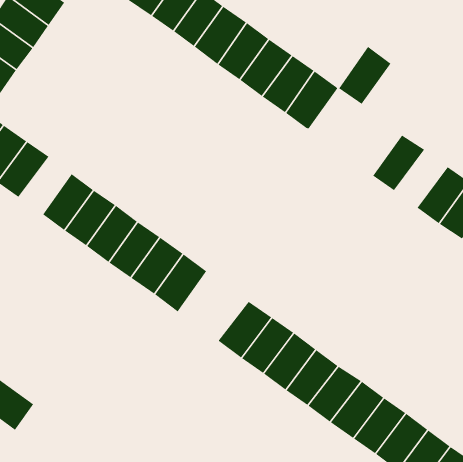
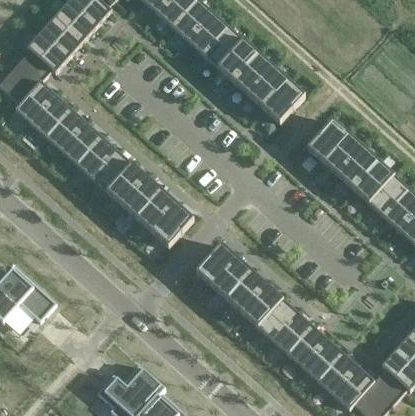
building: [338,46,391,105] -> [307,119,348,162]
building: none -> [338,147,379,189]
building: none -> [61,122,102,164]

